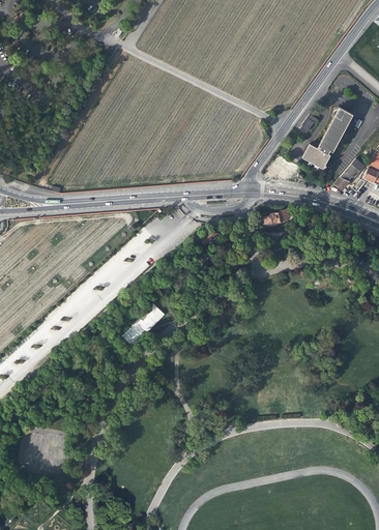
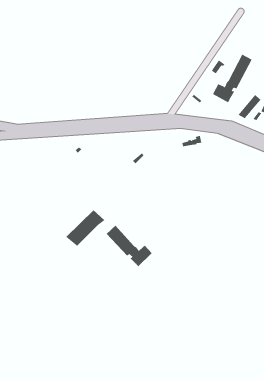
building: none -> [106,225,153,267]

